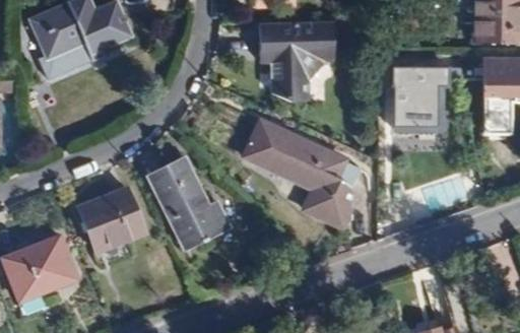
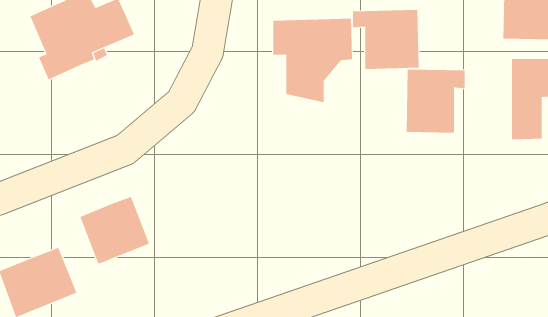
building: none -> [353,9,419,70]
building: [241,119,353,227] -> none
building: [149,157,231,250] -> none

